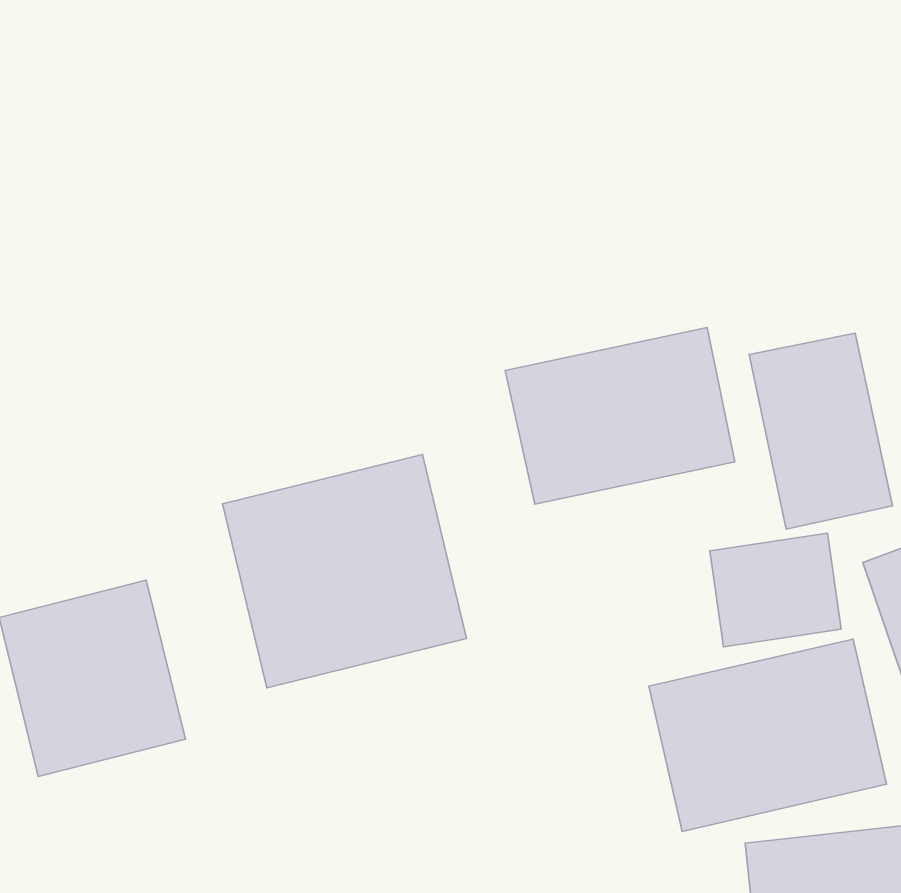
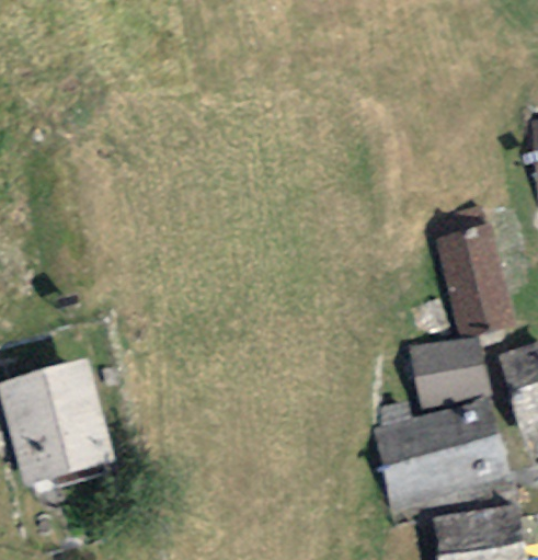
building: [505,327,735,504] -> none
building: [222,454,467,688] -> none

